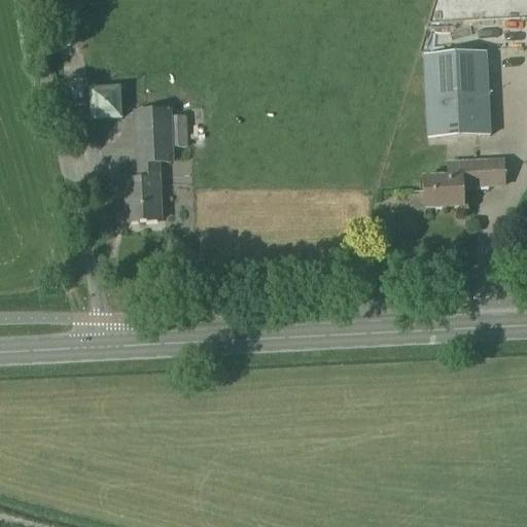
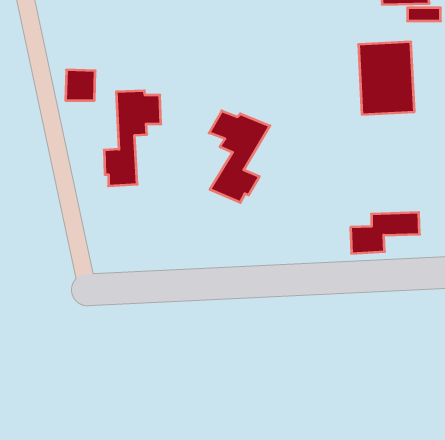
building: none -> [209,111,270,203]
building: [427,156,508,205] -> [351,212,420,253]

